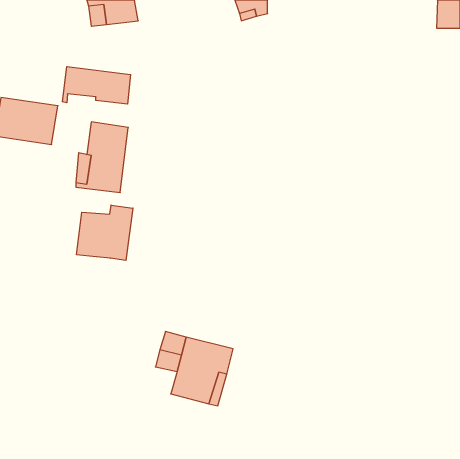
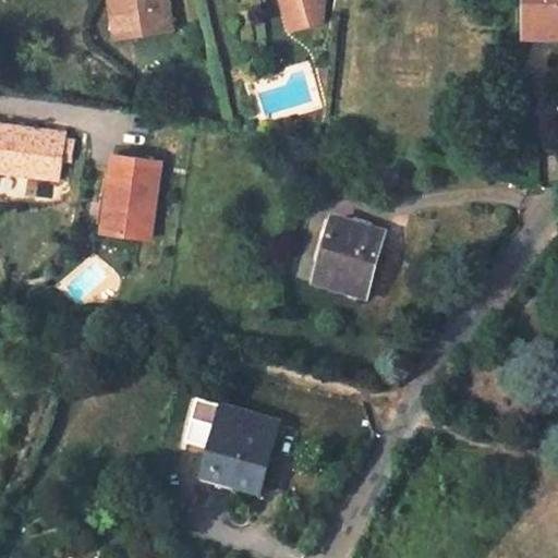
building: [62,67,131,104] -> none
building: none -> [316,222,383,304]
building: [77,205,133,260] -> none

